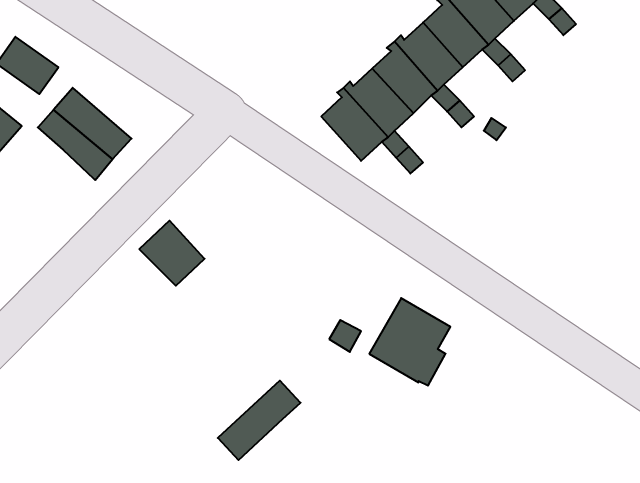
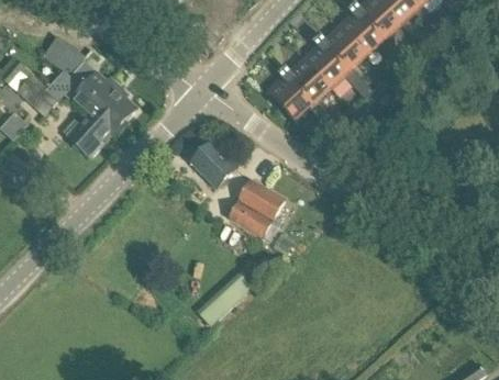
building: none -> [68,114,110,157]
building: [139,221,205,286] -> [190,142,235,187]
building: [369,298,450,386] -> [229,179,285,239]

